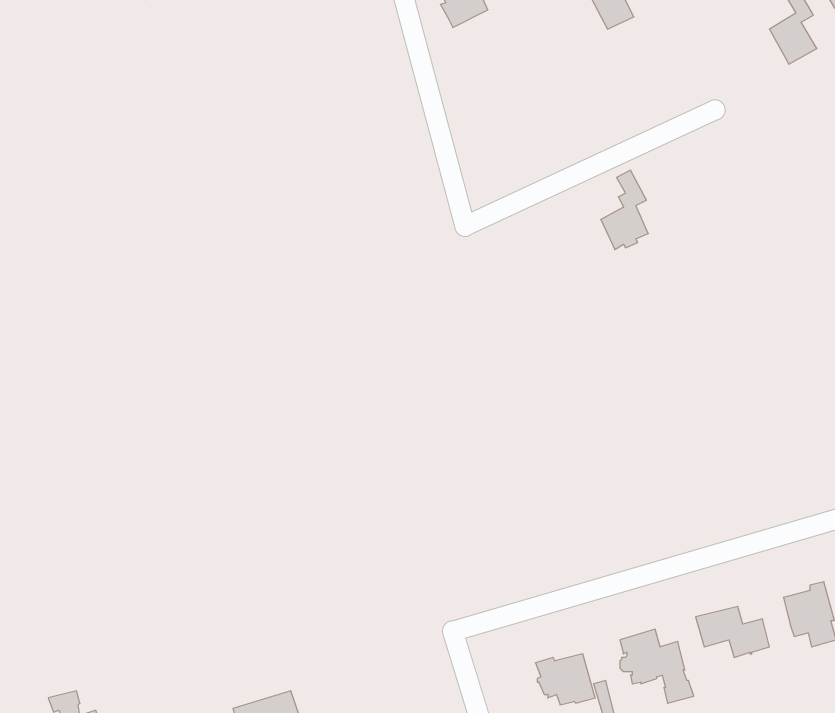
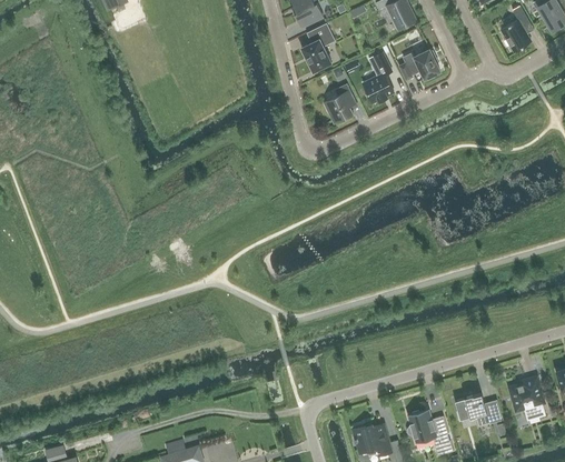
building: none -> [300,22,335,71]
building: none -> [398,49,439,80]
building: none -> [328,83,356,123]
building: [601,170,648,250] -> [363,52,393,102]

